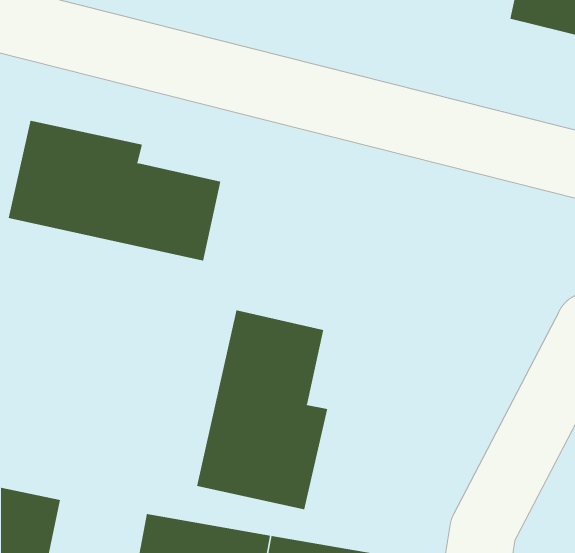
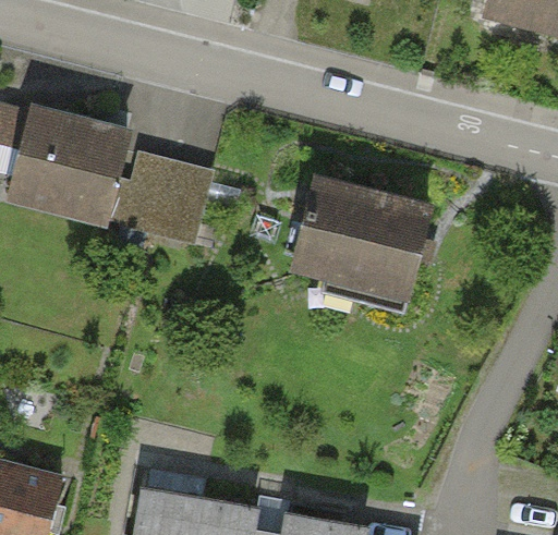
building: none -> [290,184,430,303]
building: [196,310,328,510] -> none

